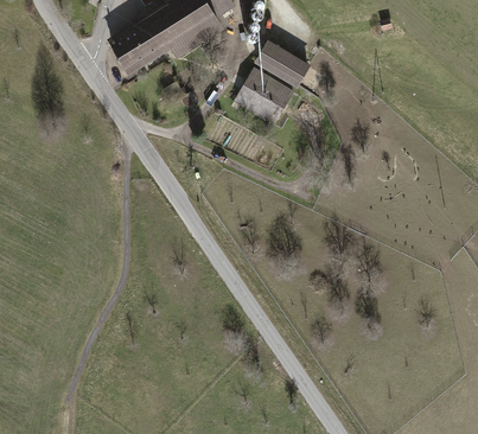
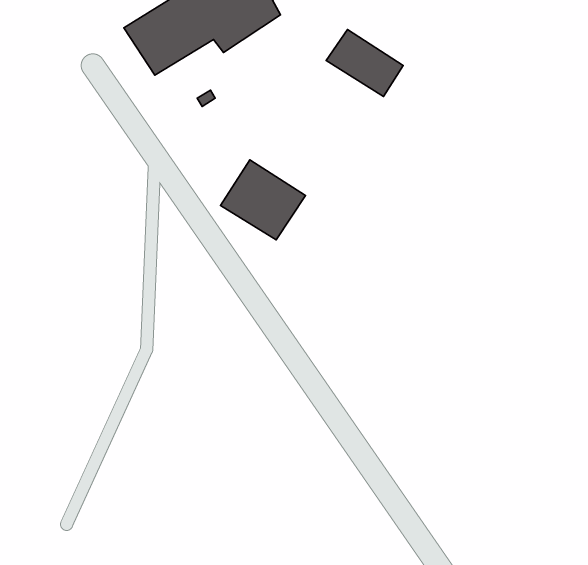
building: [234,68,295,126] -> [220,160,305,240]

